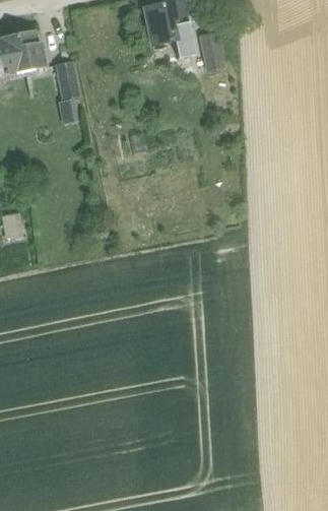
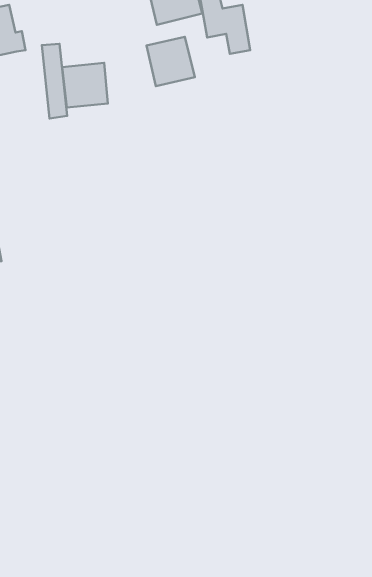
building: none -> [147,37,195,86]
building: none -> [62,63,108,108]

